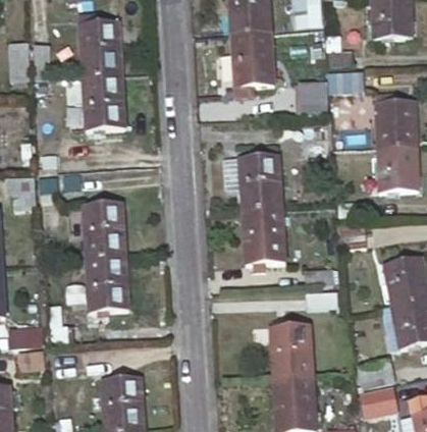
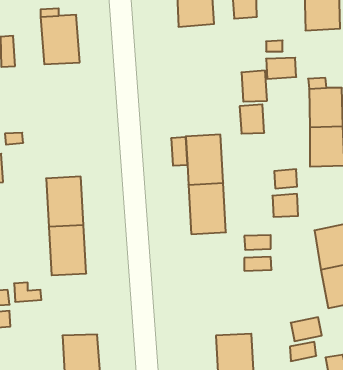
building: [231,32,274,89] -> none
building: [82,74,125,131] -> none
building: [270,324,313,379] -> none

